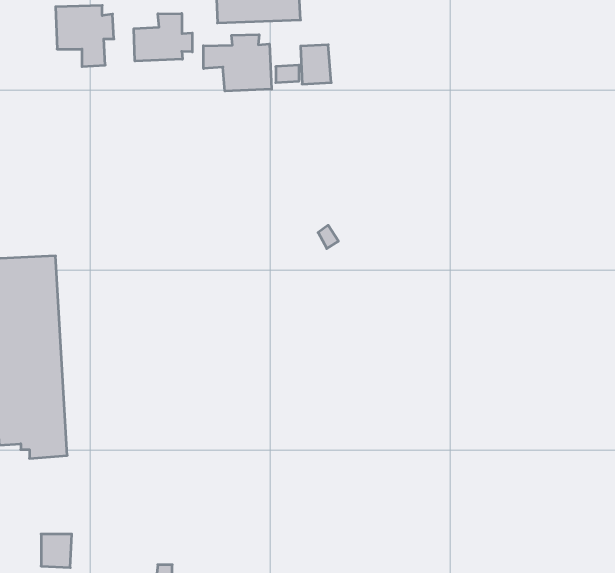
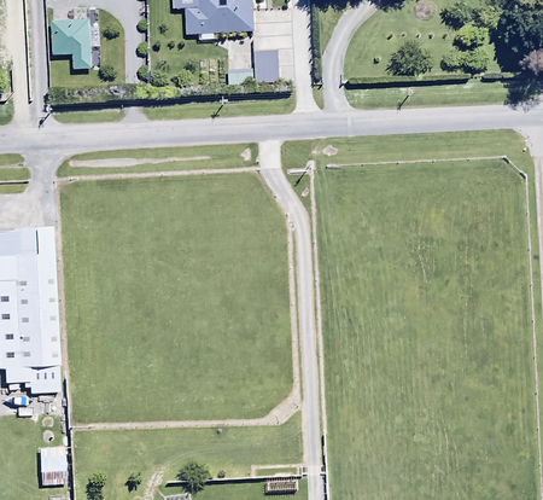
building: [134,13,192,61] -> none
building: [203,35,272,91] -> none

